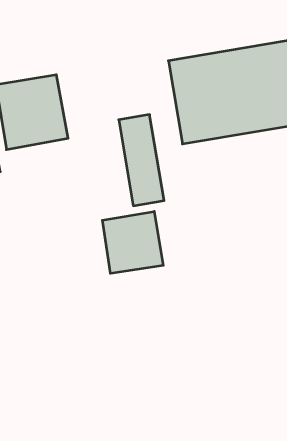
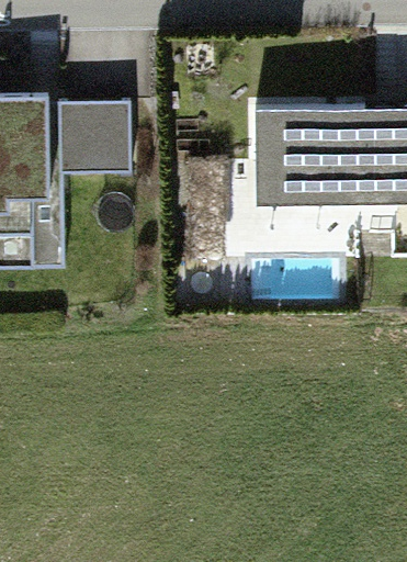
building: none -> [258,203,355,254]
building: [102,211,163,273] -> none

